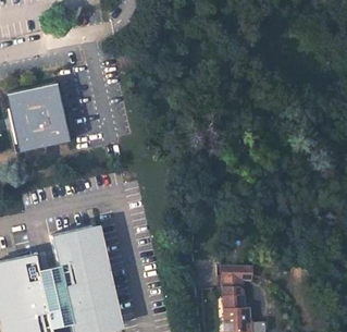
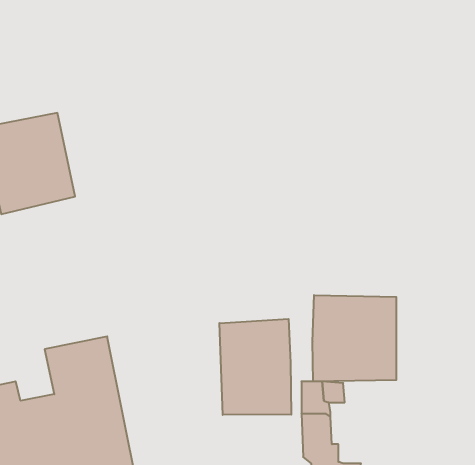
building: none -> [313,295,396,381]
building: none -> [219,319,291,415]

